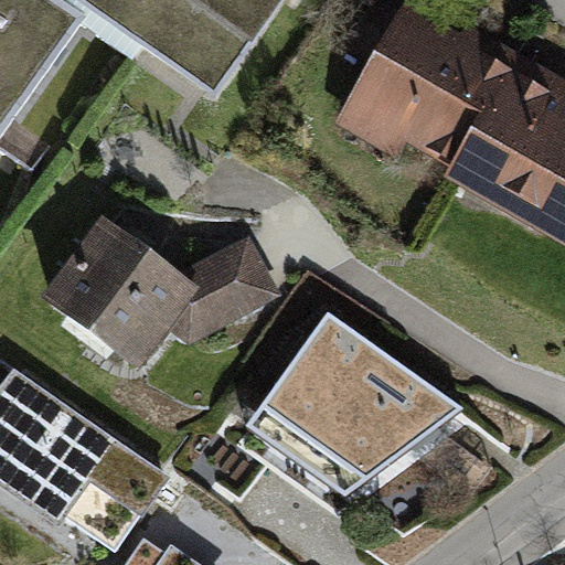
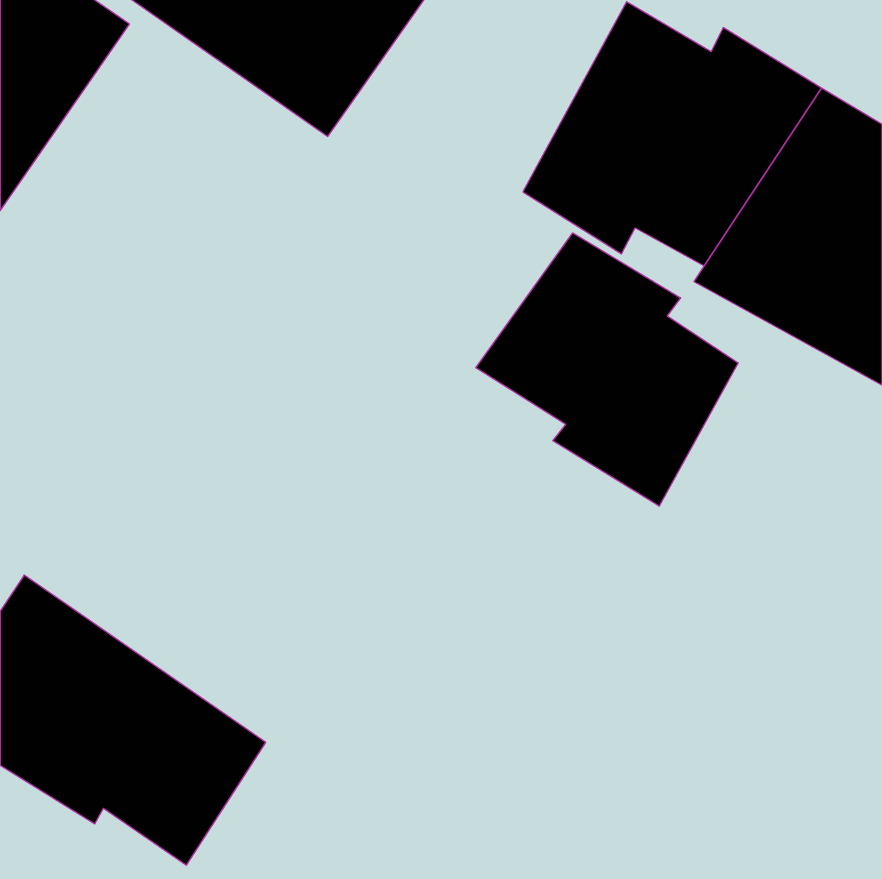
building: none -> [476,233,738,506]
building: [40,215,287,367] -> none
building: [264,311,462,475] -> none

